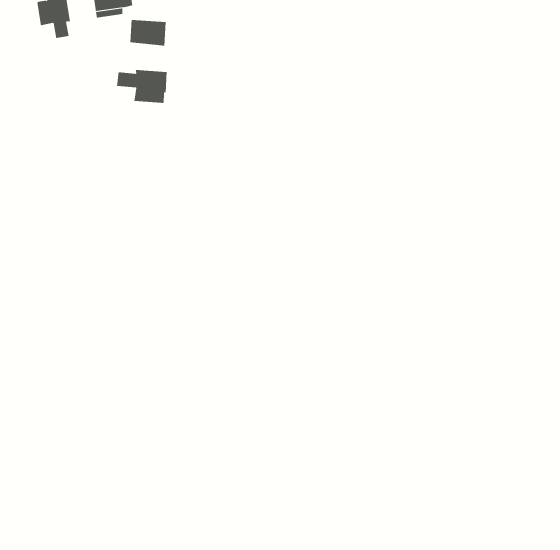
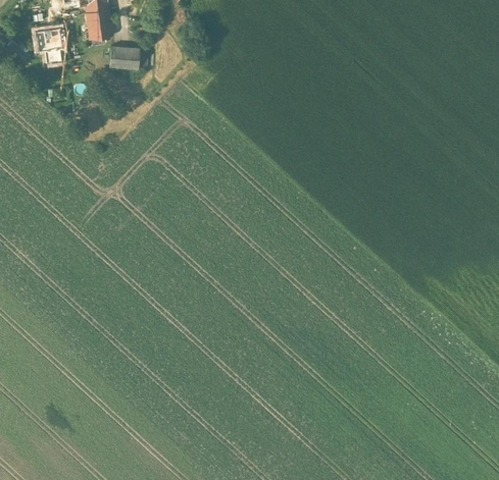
building: [117,69,167,104] -> none

